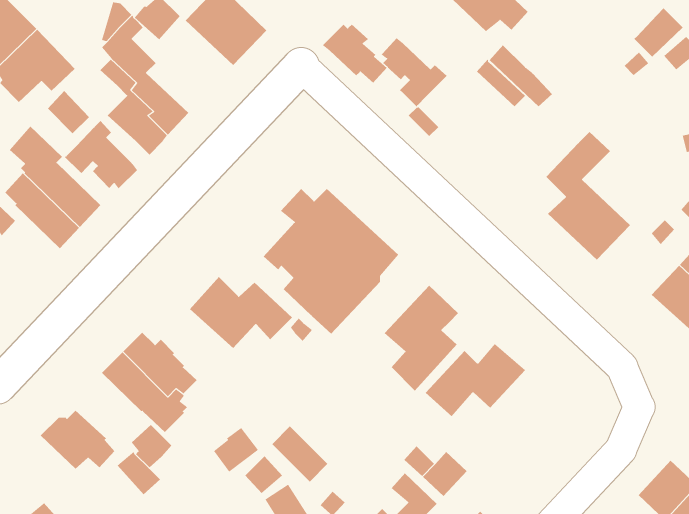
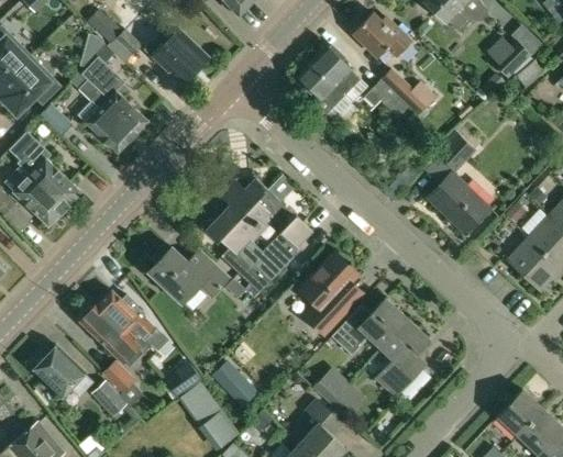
building: [322,24,387,83] -> [309,46,360,92]
building: [64,120,138,189] -> none
building: none -> [375,320,430,397]

